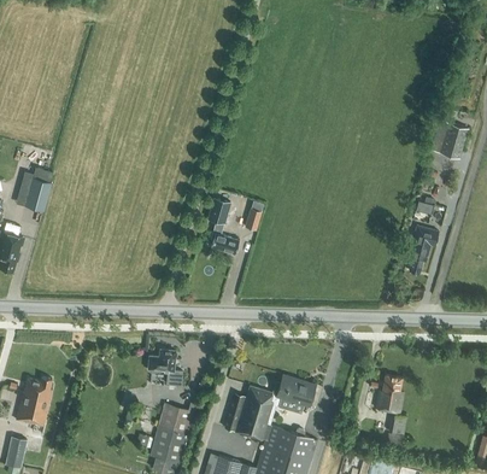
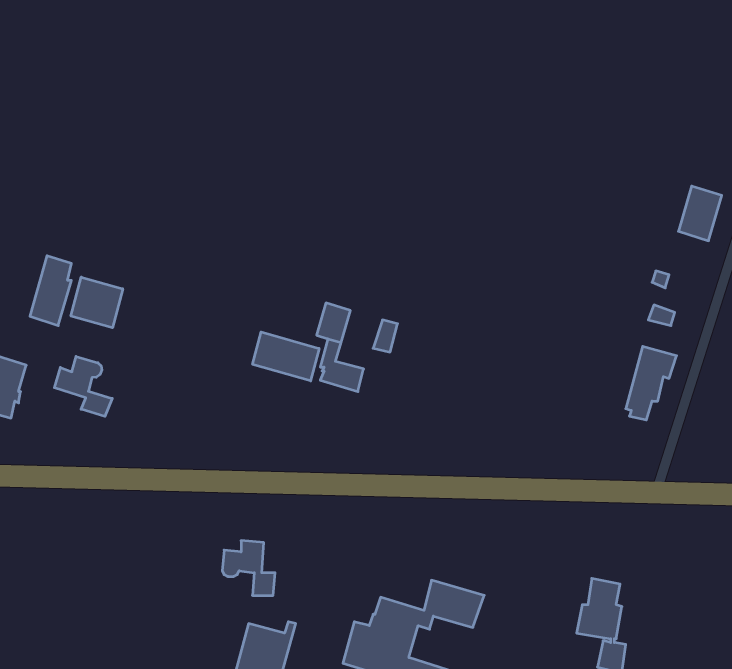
building: none -> [71,277,123,328]
building: none -> [253,332,319,381]
building: none -> [54,356,112,416]
building: [14,376,51,425] -> none

